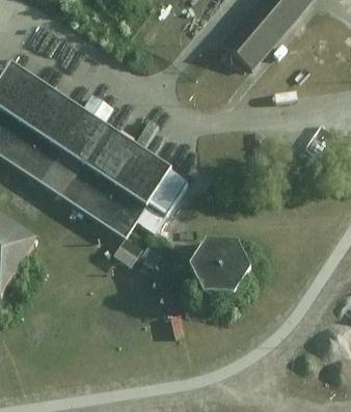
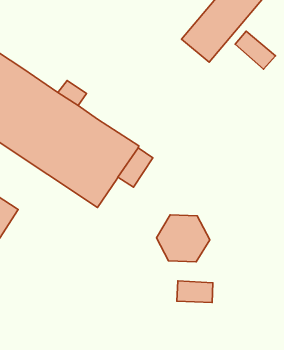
building: none -> [235,31,275,69]
building: none -> [177,281,213,302]

